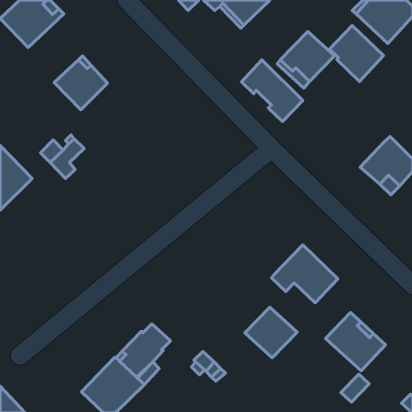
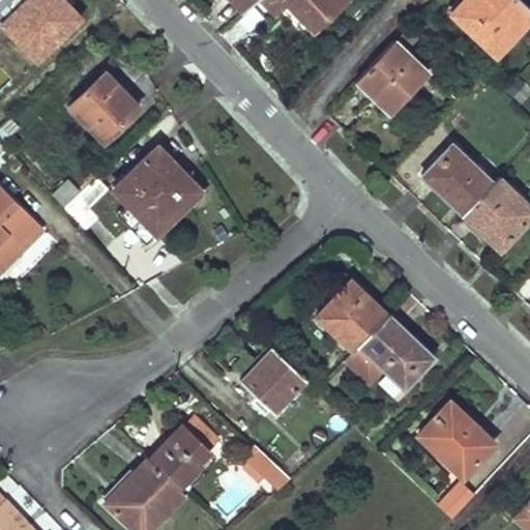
building: [329,26,384,81] -> [424,144,494,215]
building: [242,60,303,122] -> none
building: none -> [114,147,202,235]
building: none -> [316,281,388,353]
building: [245,307,297,358] -> [240,348,307,413]

